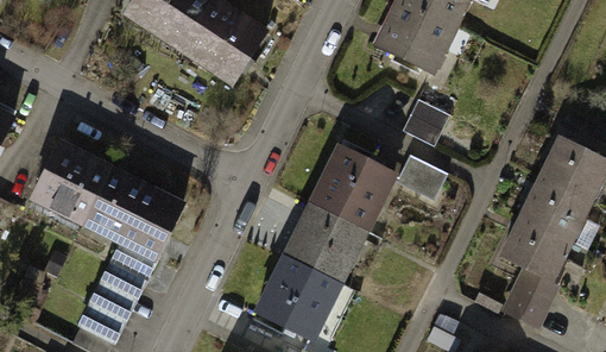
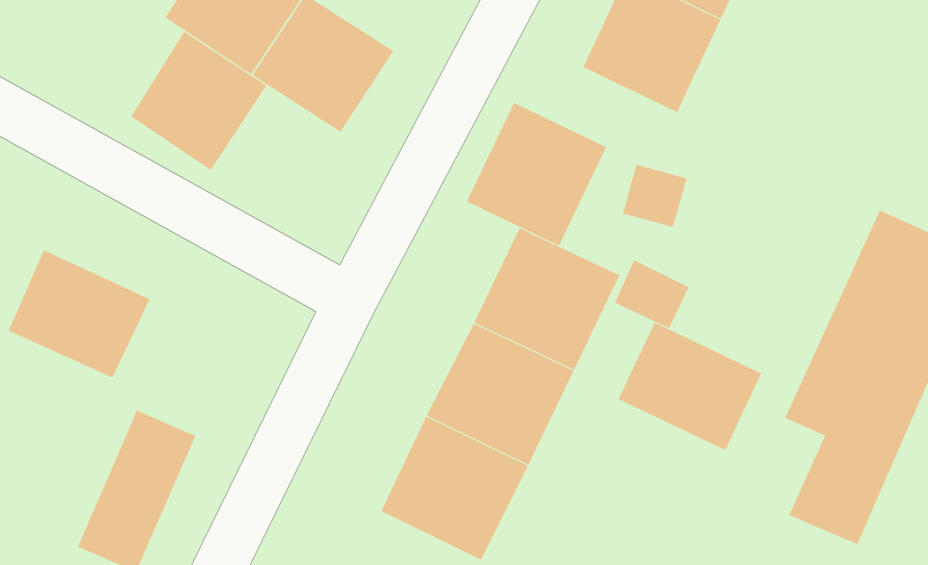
building: none -> [130,31,267,171]
building: none -> [466,102,607,247]
building: [96,182,183,259] -> none
building: none -> [618,322,762,451]

